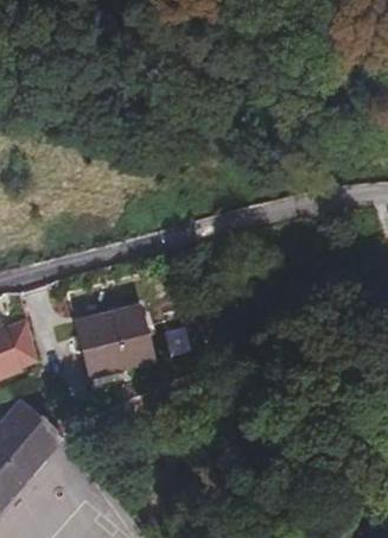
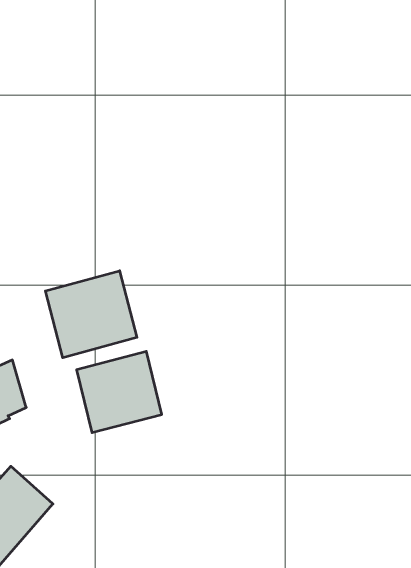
building: none -> [45,271,137,358]

